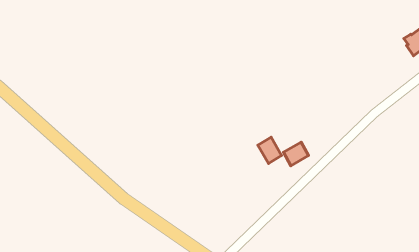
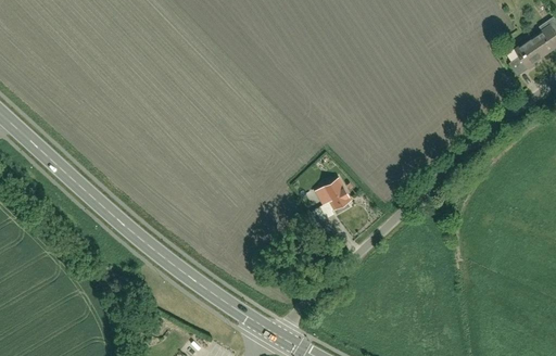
building: [284,142,309,166] -> none

